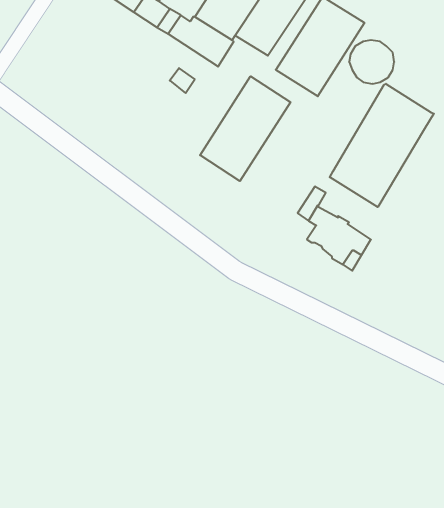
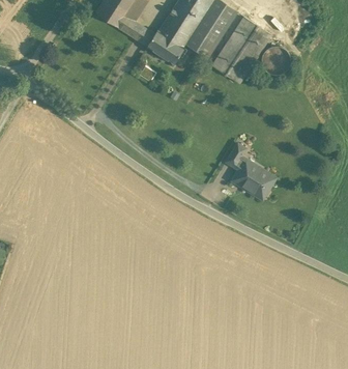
building: [200,76,290,181] -> none
building: [330,84,434,207] -> none

